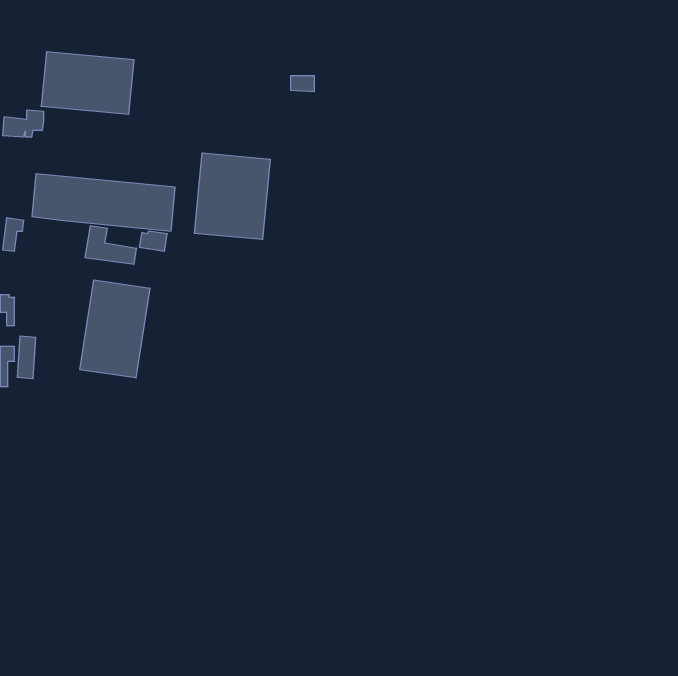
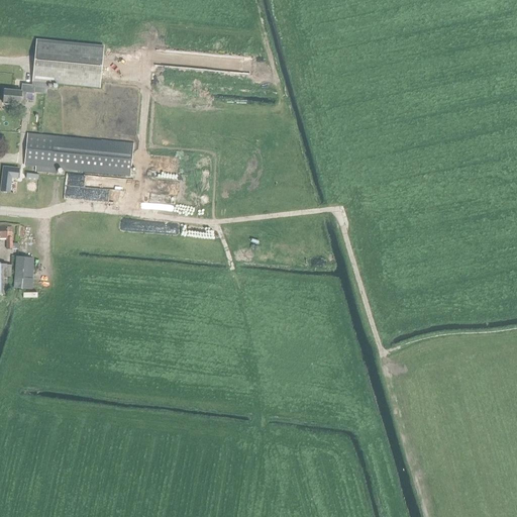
building: [194,153,270,240] -> none
building: [80,280,150,378] -> none

